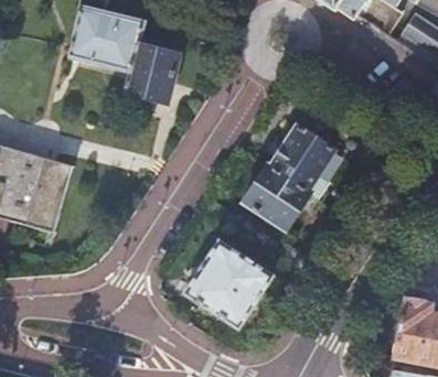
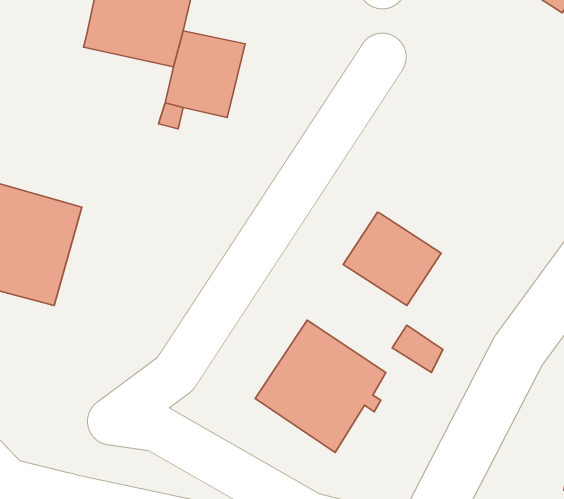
building: [270,127,345,195] -> none

